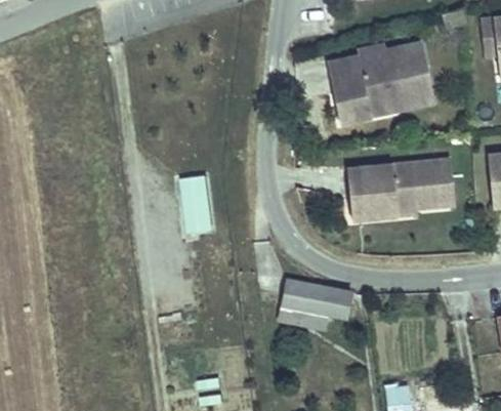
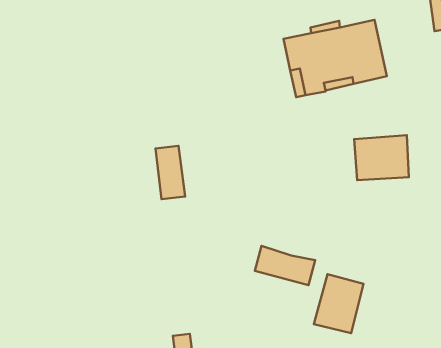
building: [349,167,400,221] -> none
building: none -> [314,274,364,333]

